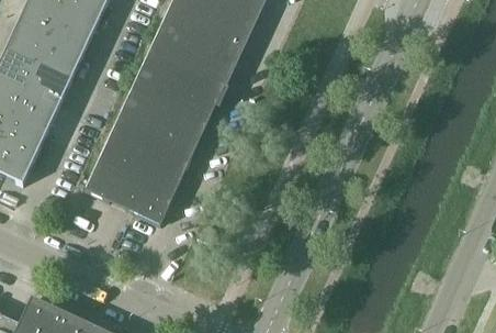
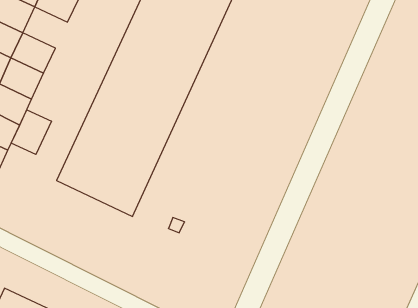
building: [50,11,95,53] -> none
building: none -> [11,110,51,154]

